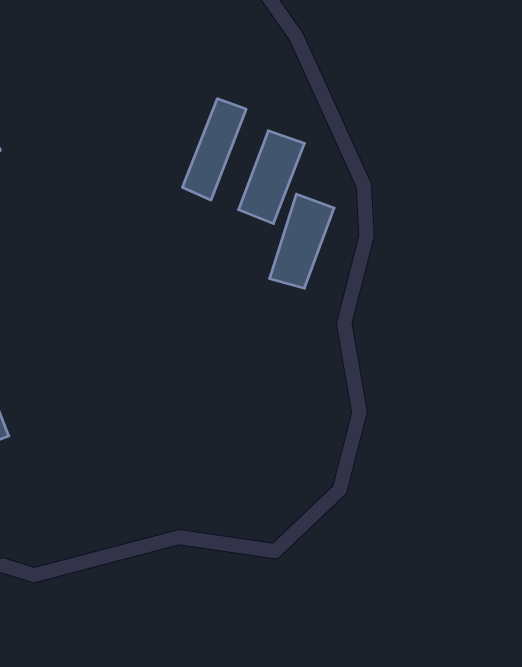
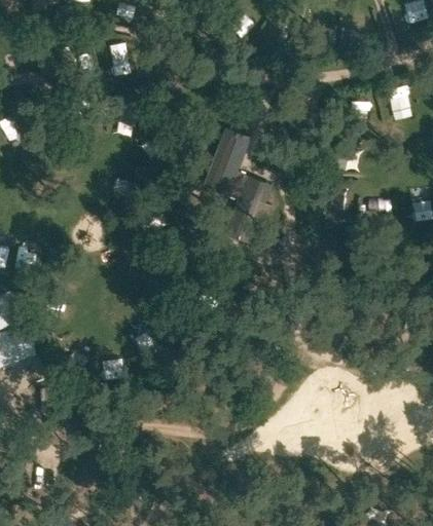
building: [183,99,246,200] -> none

